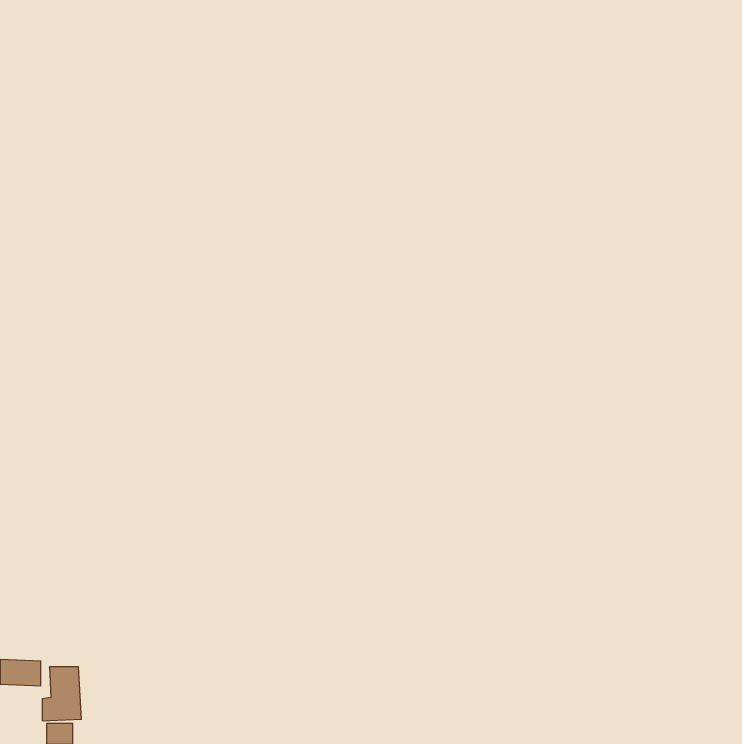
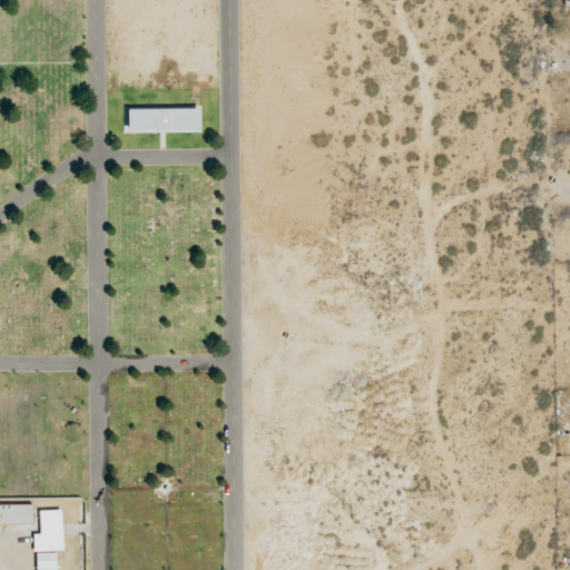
building: none -> [130,111,158,127]
building: none -> [169,111,197,128]

